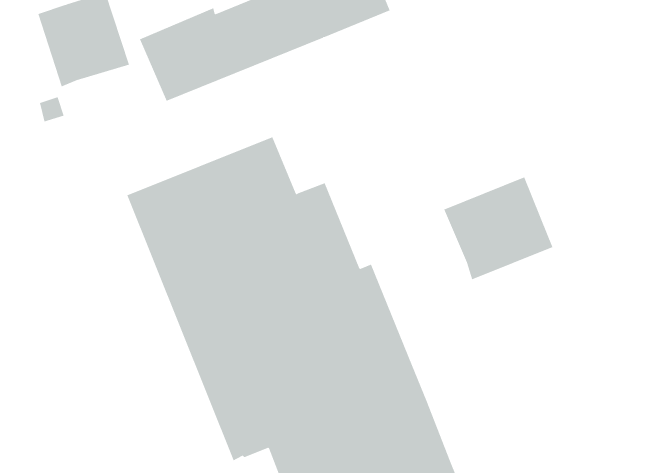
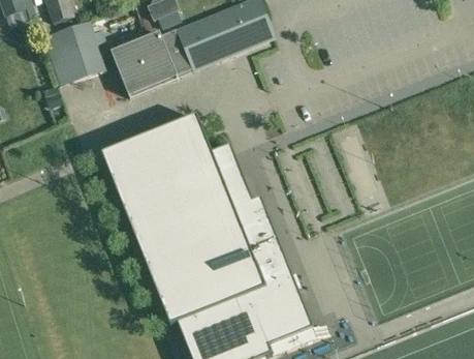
building: [443,177,553,280] -> none

